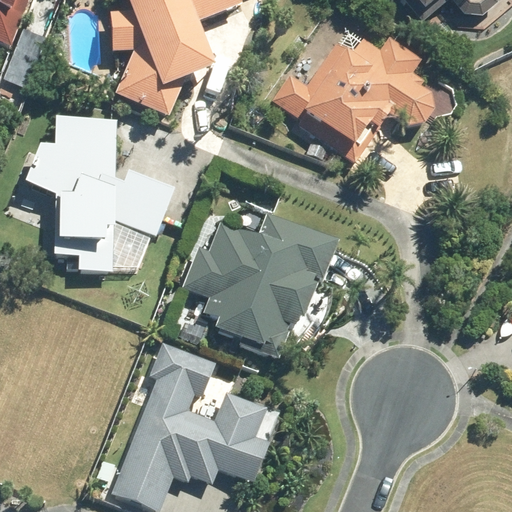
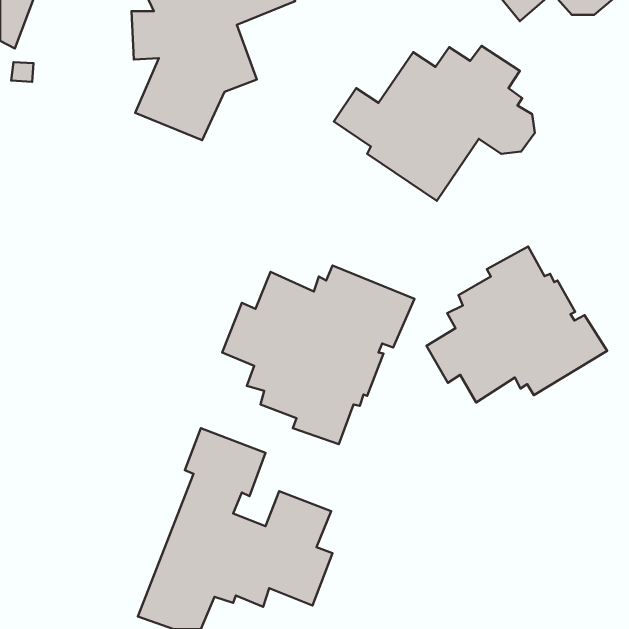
building: [23,115,172,269] -> none
building: none -> [426,246,607,403]

